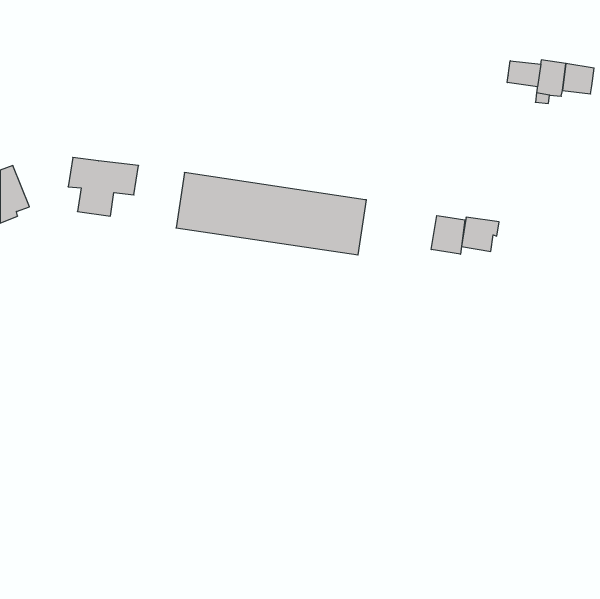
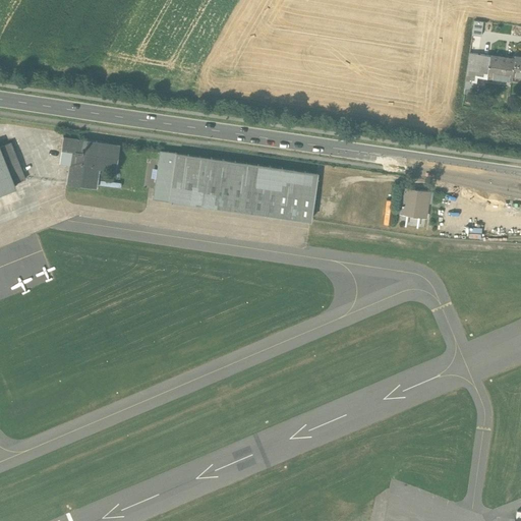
building: [507,61,541,87] -> none
building: [431,216,465,254] -> none

